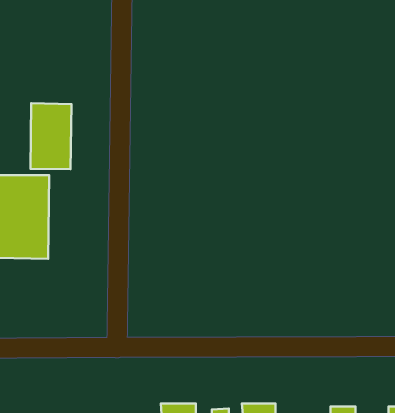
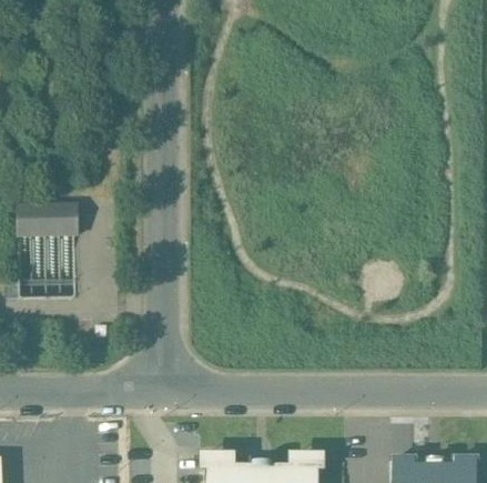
building: [30,103,71,169] -> none

